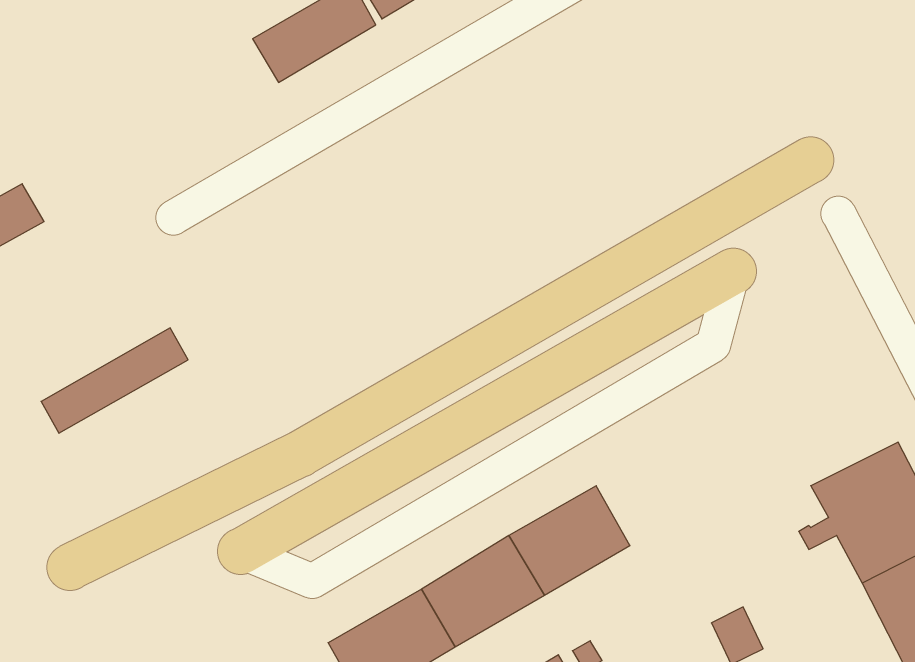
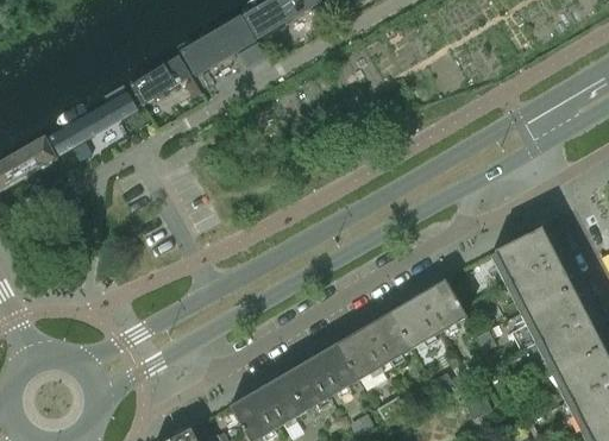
building: none -> [133,50,196,100]
building: [41,328,188,433] -> [52,87,140,150]
building: none -> [491,227,572,311]
building: none -> [391,279,466,347]

